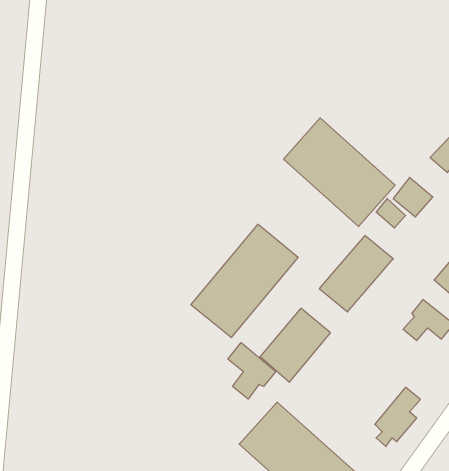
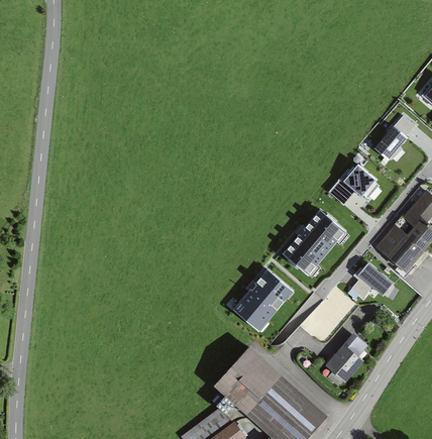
building: [284,118,395,227] -> none
building: [191,224,298,338] -> none
building: [228,343,276,399] -> none

